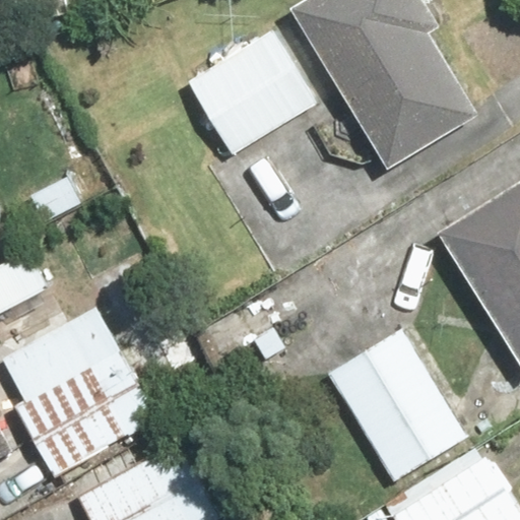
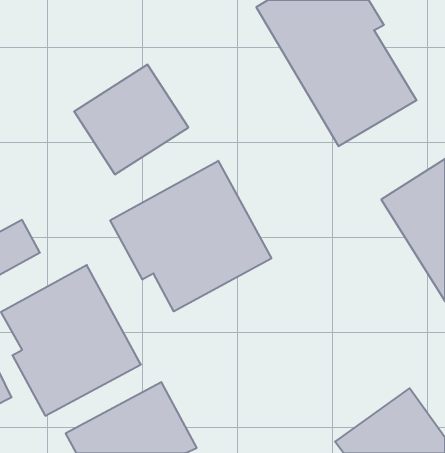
building: [189,30,320,156] -> [74,65,188,174]
building: none -> [110,161,271,311]
building: [327,330,464,481] -> none

